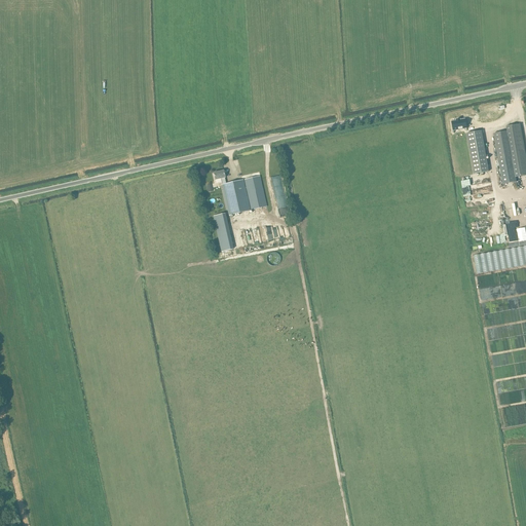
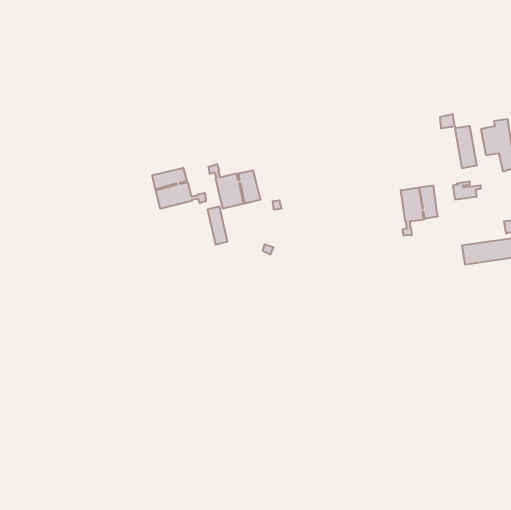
building: none -> [152,168,206,209]
building: none -> [401,185,438,236]

